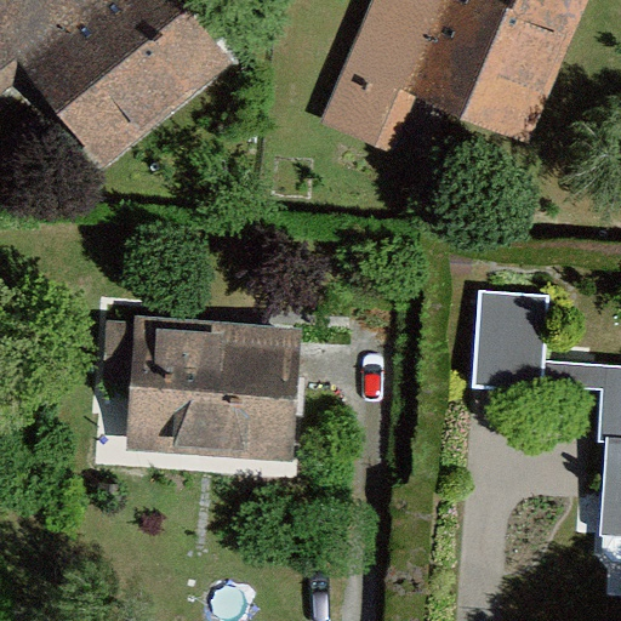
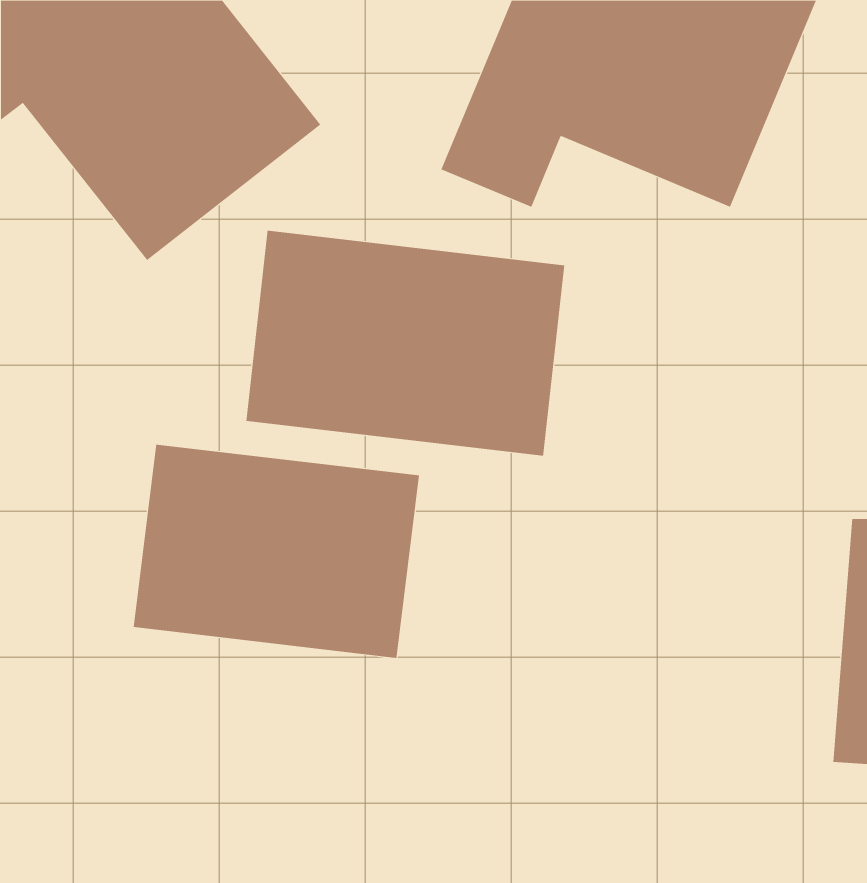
building: none -> [246,230,565,456]
building: [484,289,549,381] -> none

